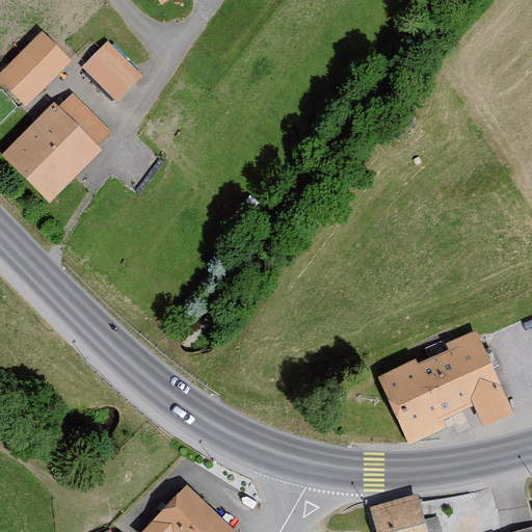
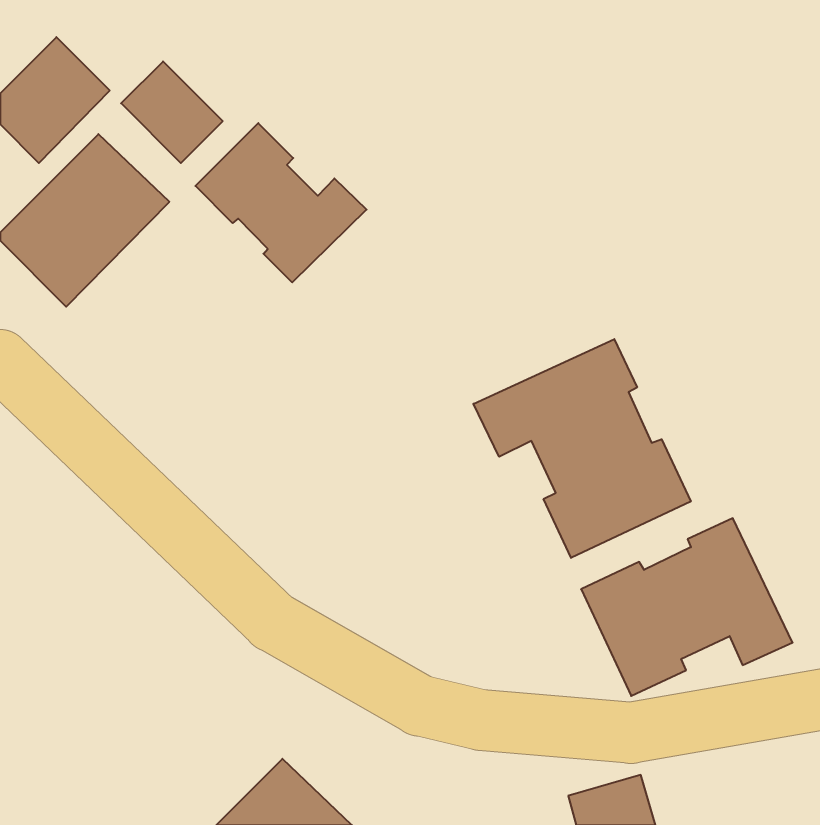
building: none -> [195,123,367,282]
building: none -> [473,339,691,558]

